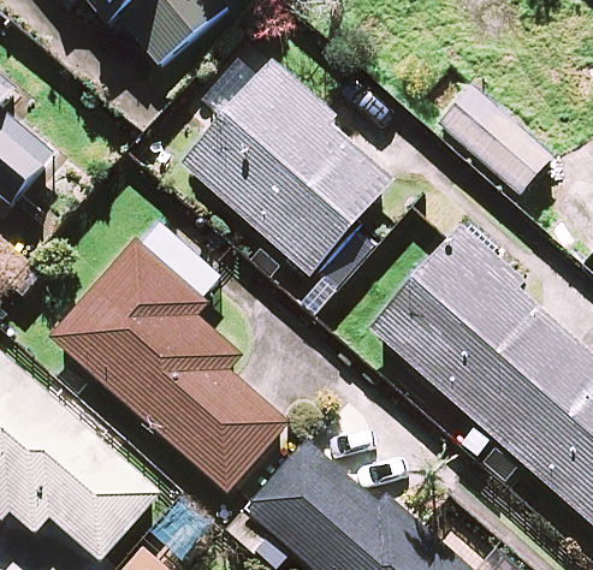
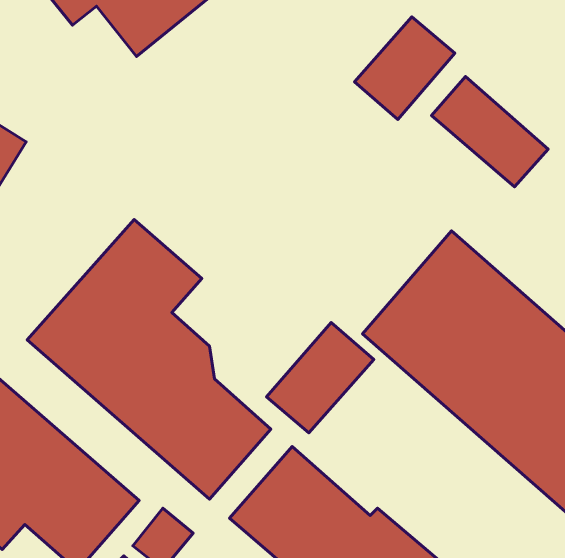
building: none -> [355,17,455,119]
building: [183,67,393,274] -> none
building: none -> [267,322,374,433]

